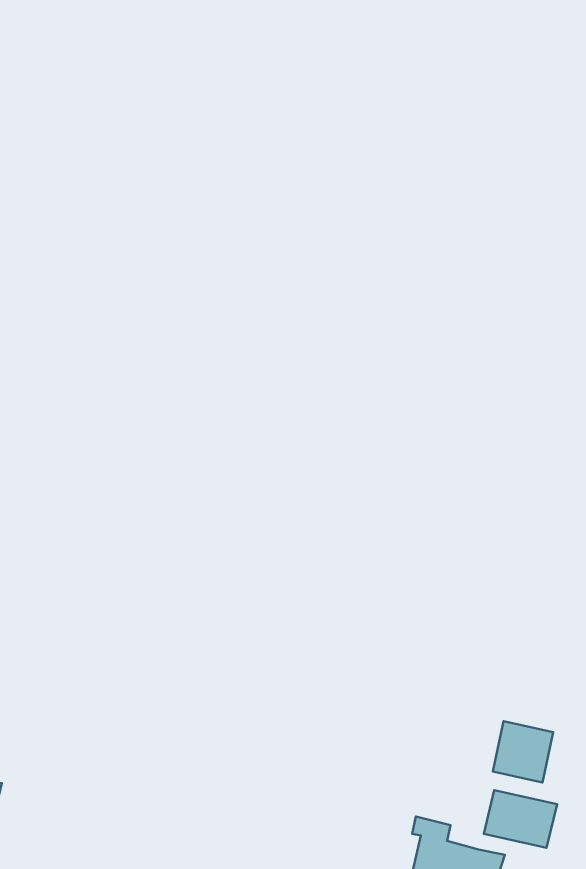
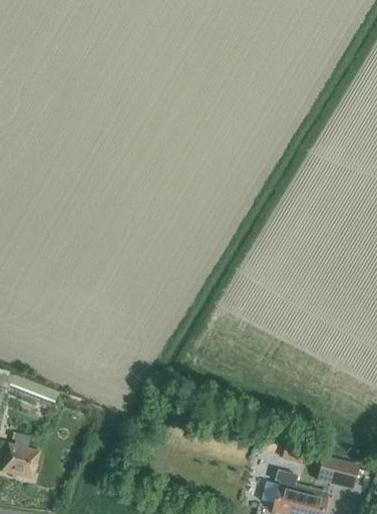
building: [493,721,553,783] -> none

